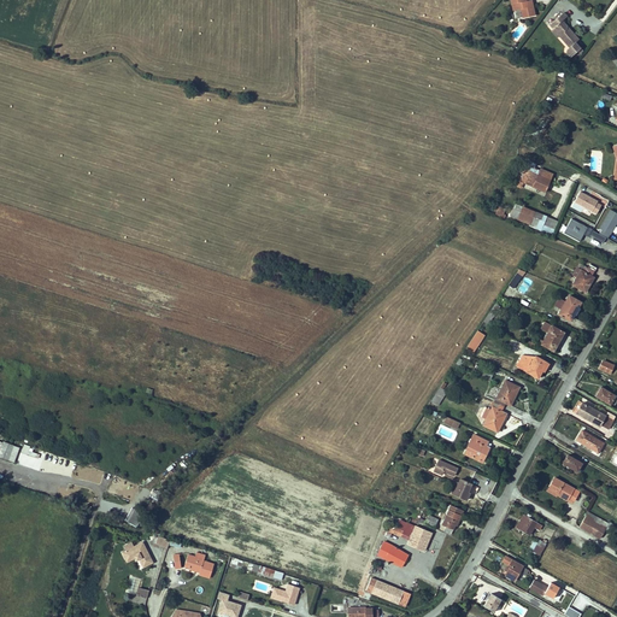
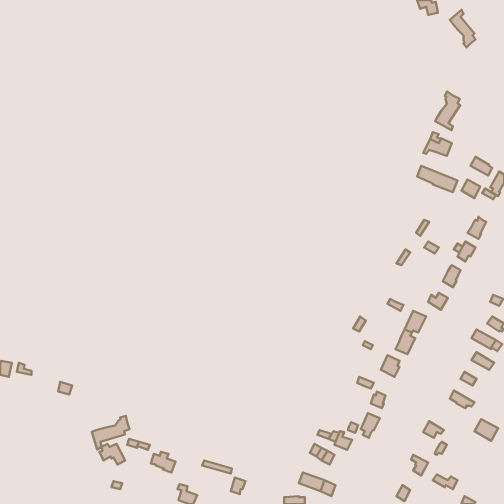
building: none -> [435,92,460,130]
building: none -> [92,416,129,449]

